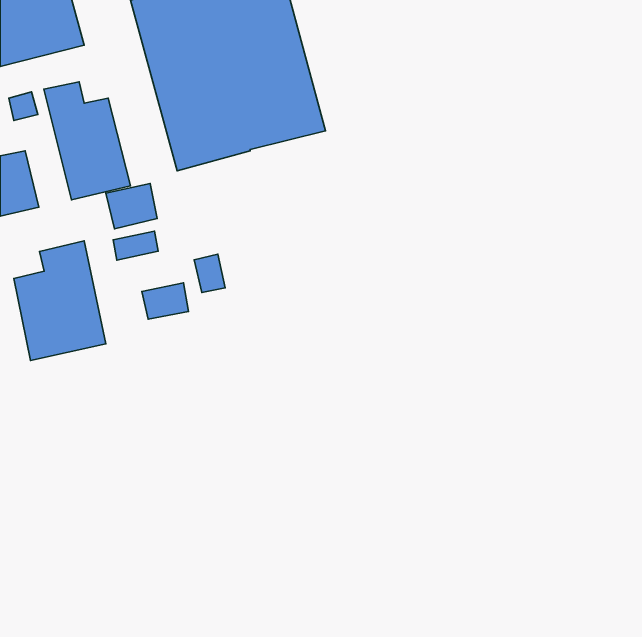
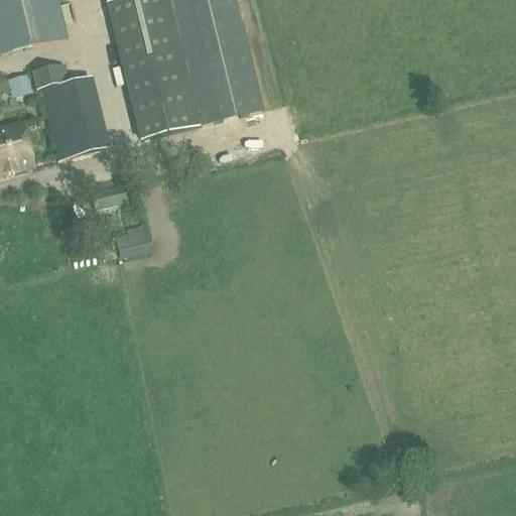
building: [106,184,157,229] -> none
building: [14,241,106,361] -> none
building: [194,254,225,293] -> none

